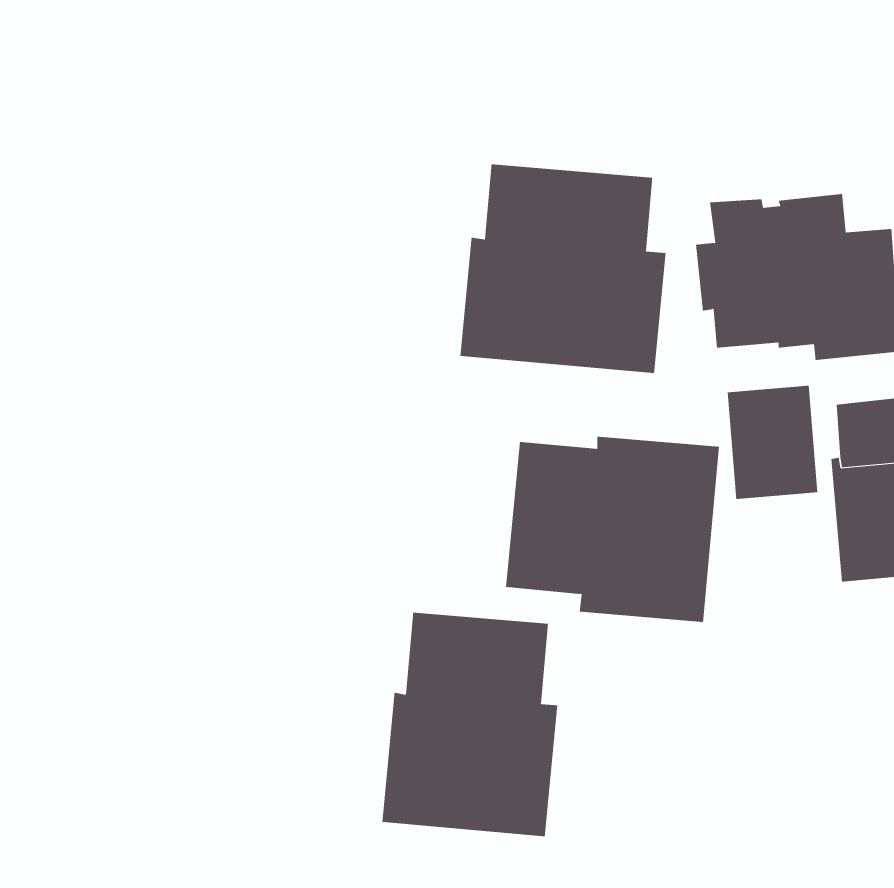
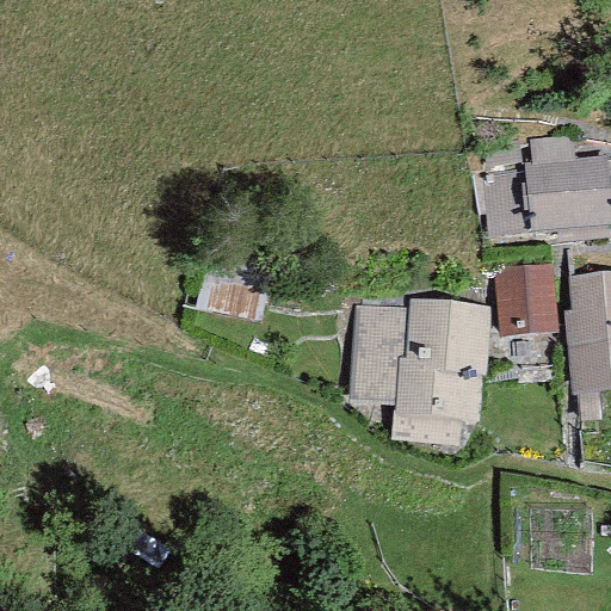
building: [460,164,666,374] -> none
building: [382,612,558,837] -> none

